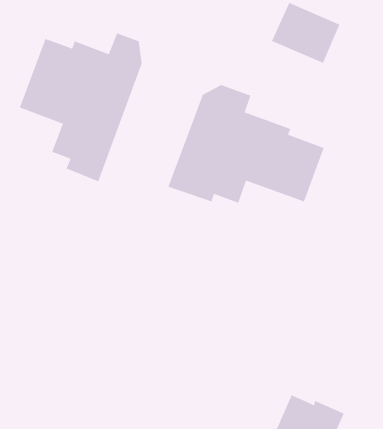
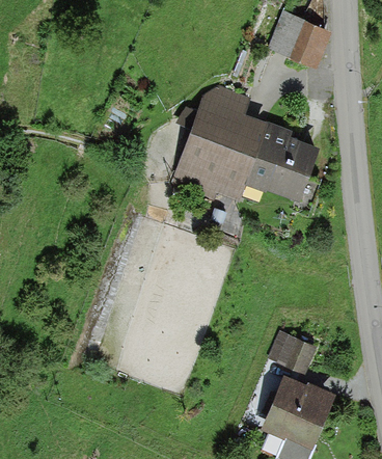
building: [19,33,142,182] -> none
building: none -> [266,329,316,375]

